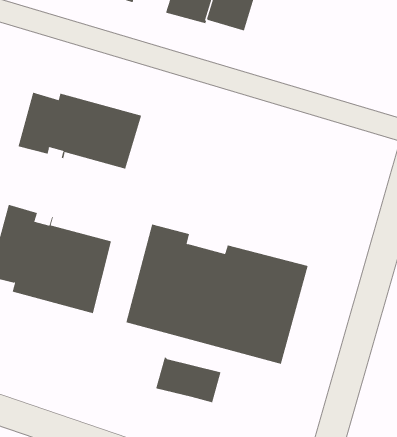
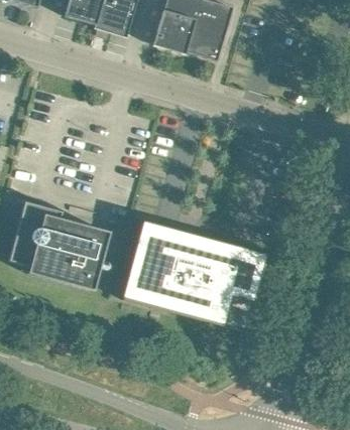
building: [18,92,142,170] -> none
building: [155,357,221,403] -> none

